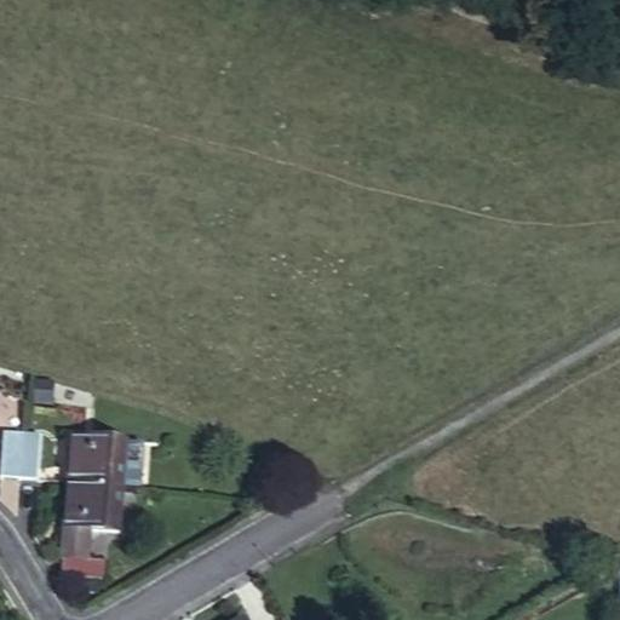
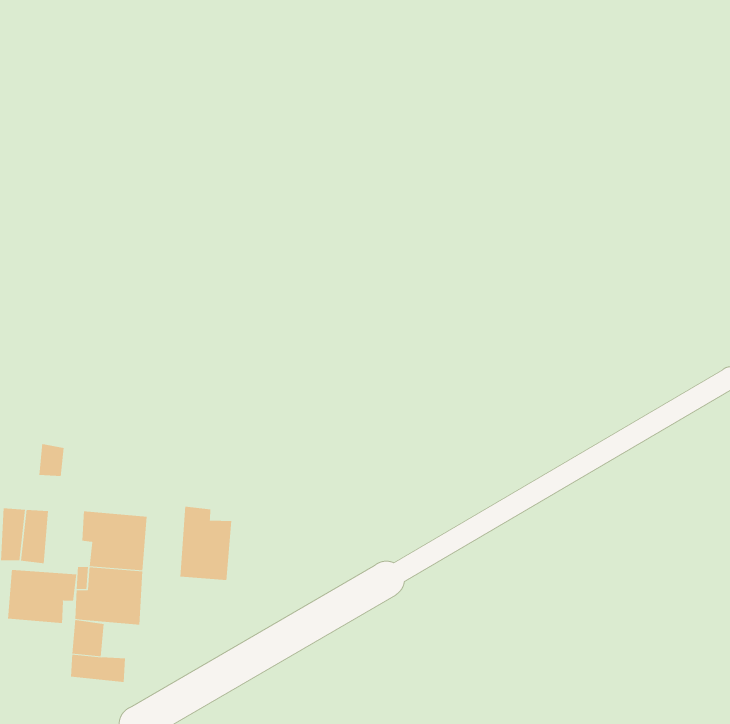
building: none -> [180,506,232,581]
building: none -> [7,569,77,624]

